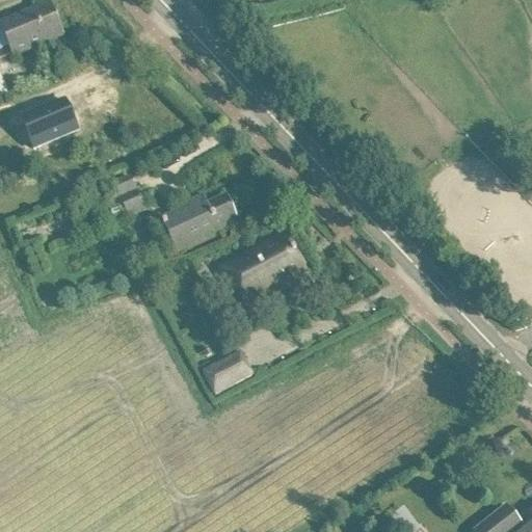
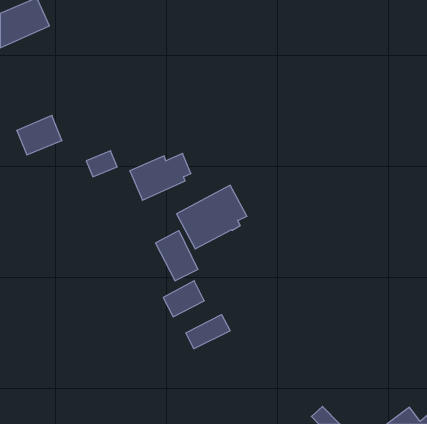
building: [22,96,78,144] -> [17,115,62,155]
building: none -> [156,231,198,281]
building: none -> [186,315,230,349]

